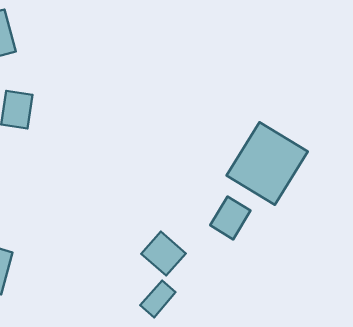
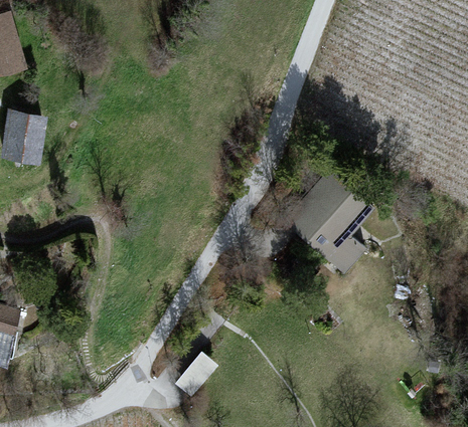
building: [210,196,251,239] -> none
building: [141,232,186,276] -> none

